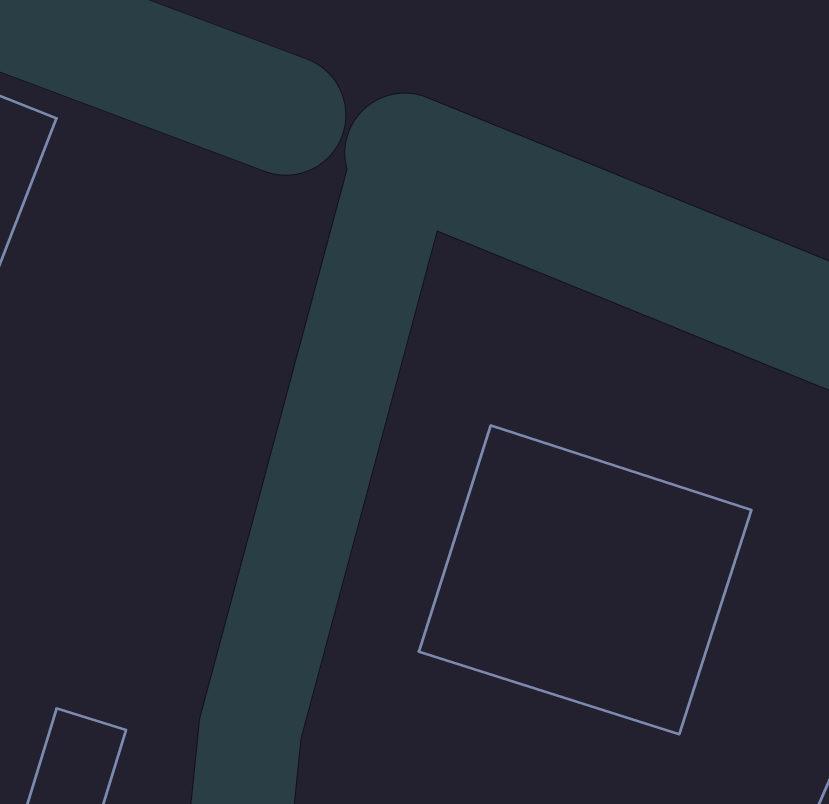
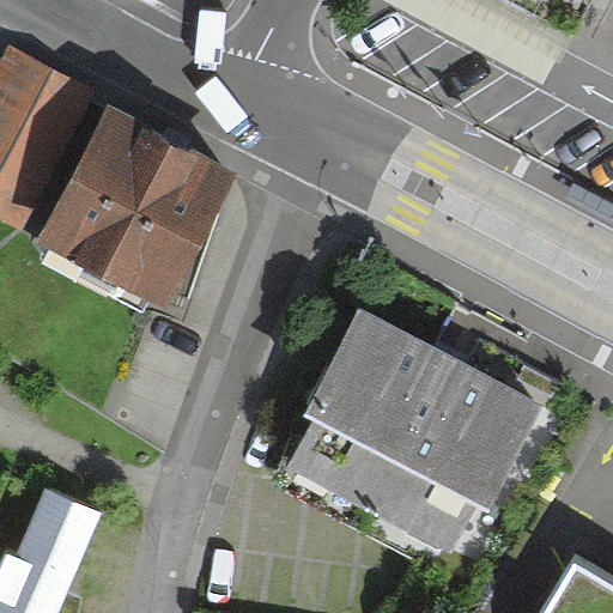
building: none -> [41,103,238,293]

